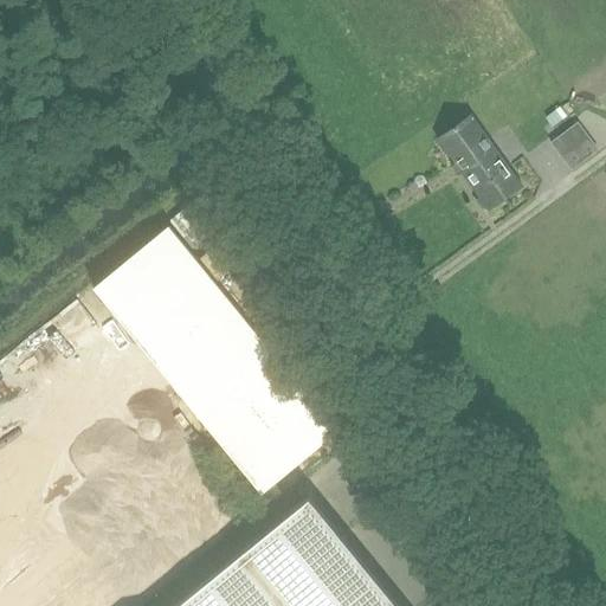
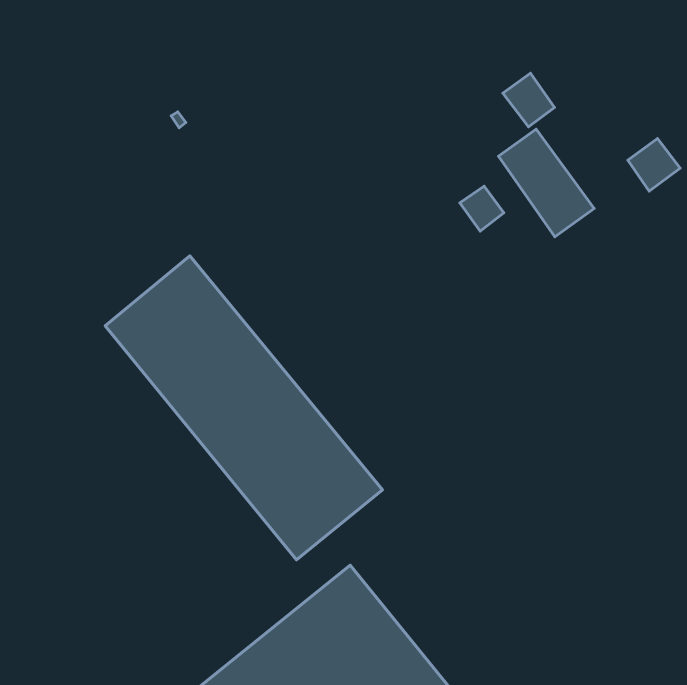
building: none -> [503,73,555,127]
building: none -> [460,186,504,231]

